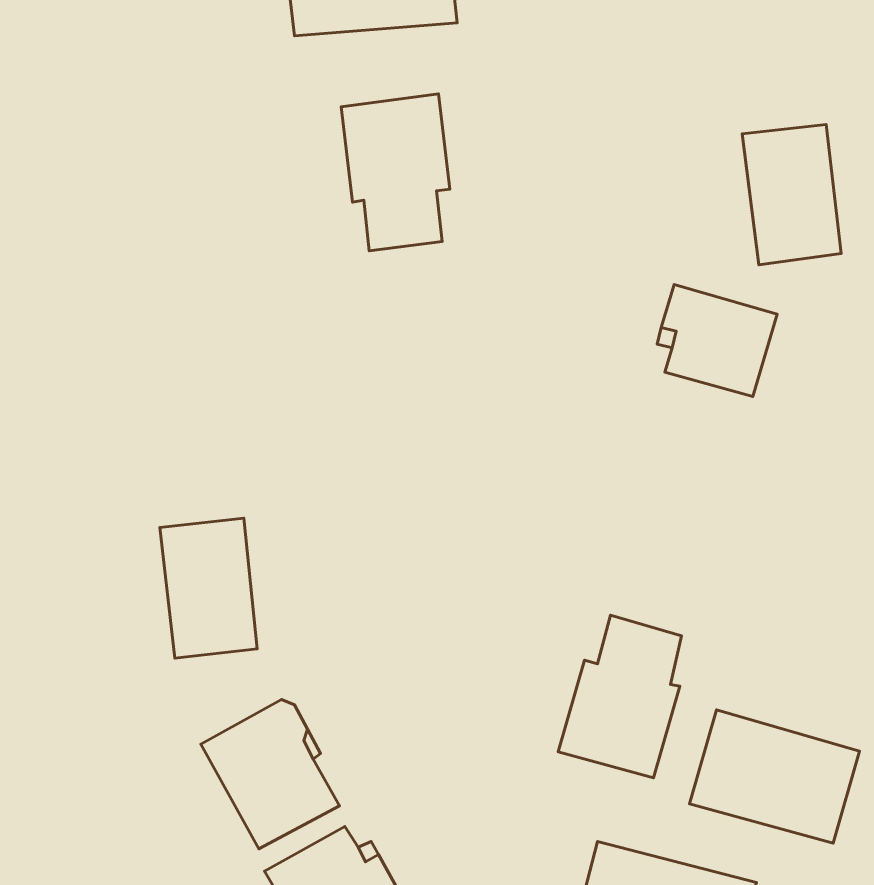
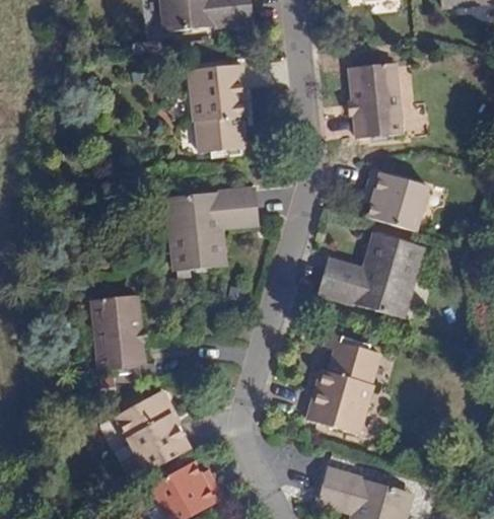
building: [742,124,841,265] -> [349,62,403,138]
building: none -> [168,189,260,272]
building: none -> [319,233,423,317]
building: [690,710,860,843] -> none

